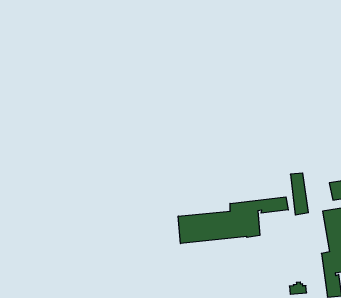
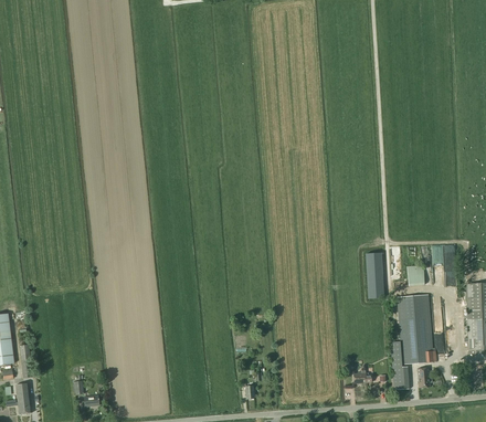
building: [178,197,288,244] -> none

